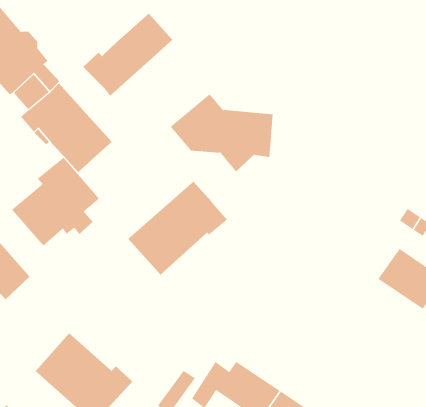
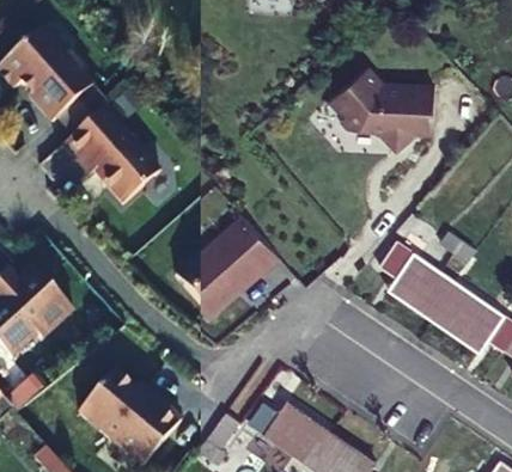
building: [83,13,173,97] -> none
building: [170,94,274,172] -> [327,61,435,143]
building: [11,157,100,246] -> none
building: none -> [382,244,456,317]

